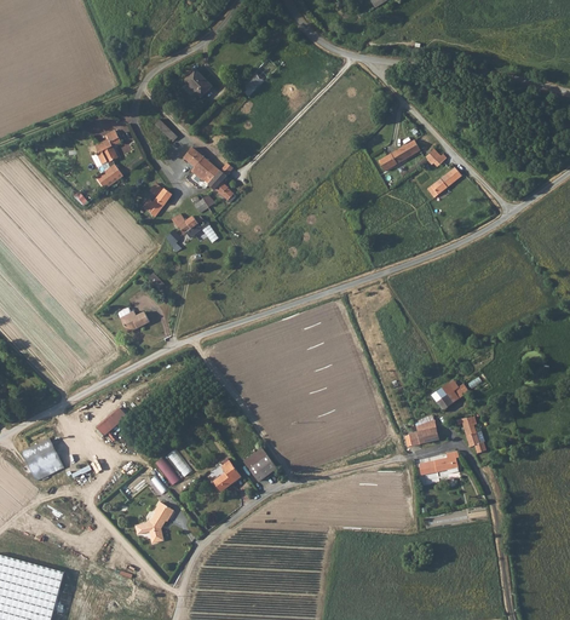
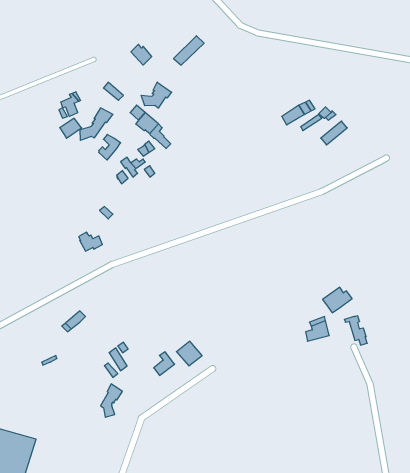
building: none -> [141,82,172,108]
building: none -> [80,108,113,140]
building: [22,440,63,482] -> none
building: [416,450,459,476] -> none

